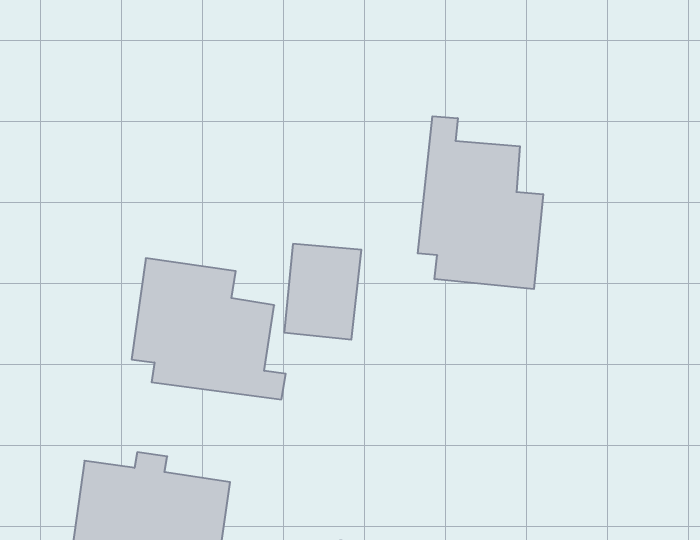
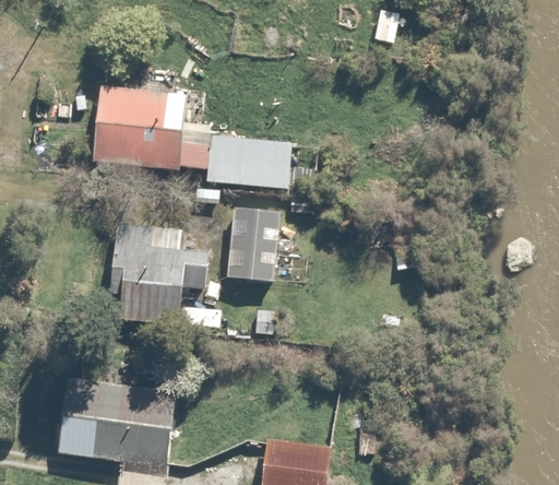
building: none -> [90,83,294,188]
building: [418,116,543,289] -> none

